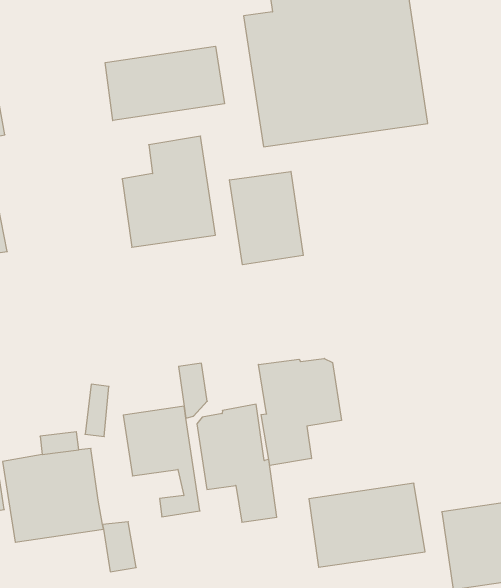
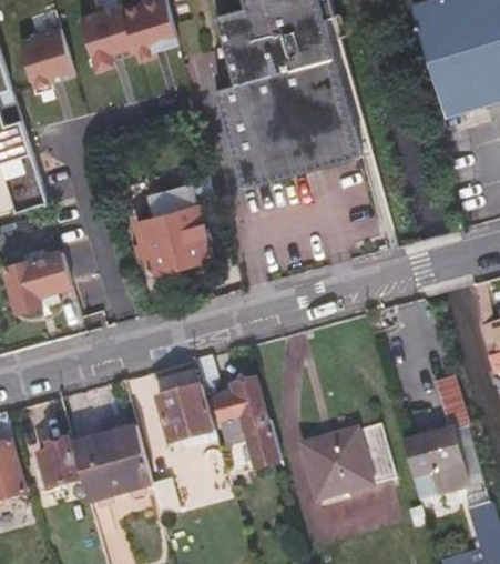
building: [105,46,224,121] -> none
building: [230,171,303,265] -> none
building: [258,358,341,465] -> none

